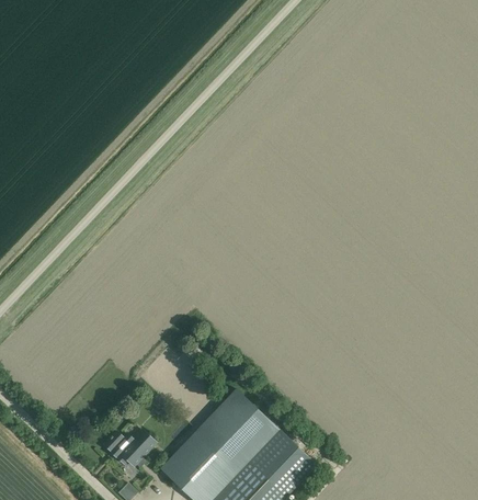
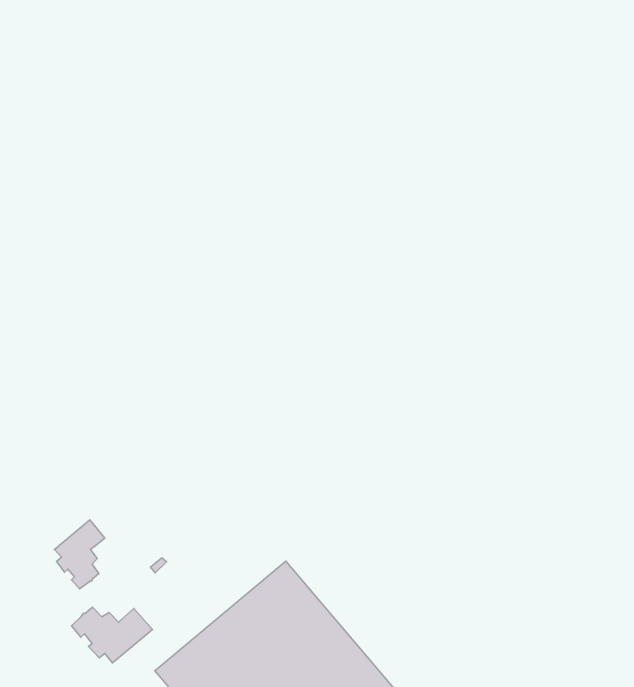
building: none -> [55,520,105,589]

